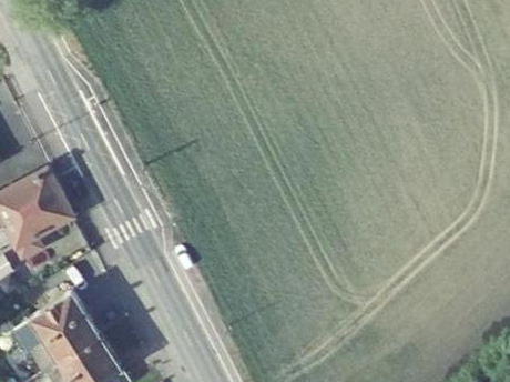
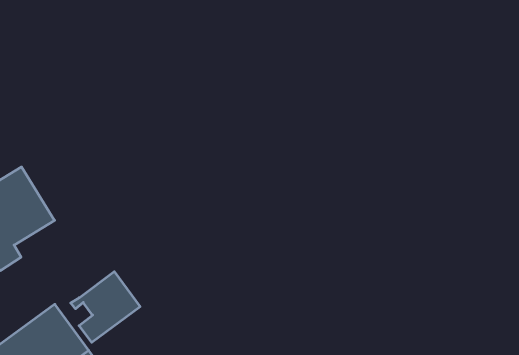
building: none -> [71,272,140,342]

